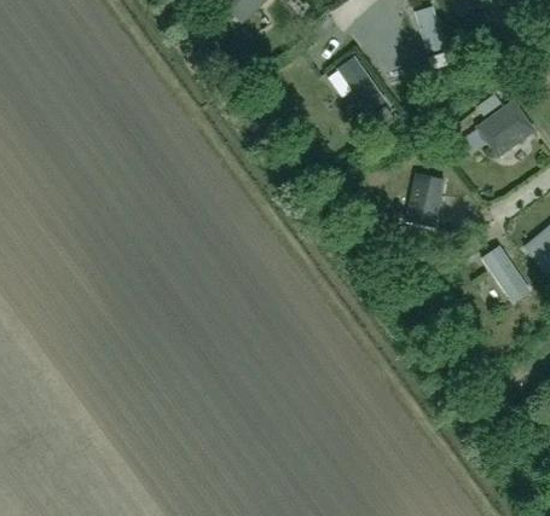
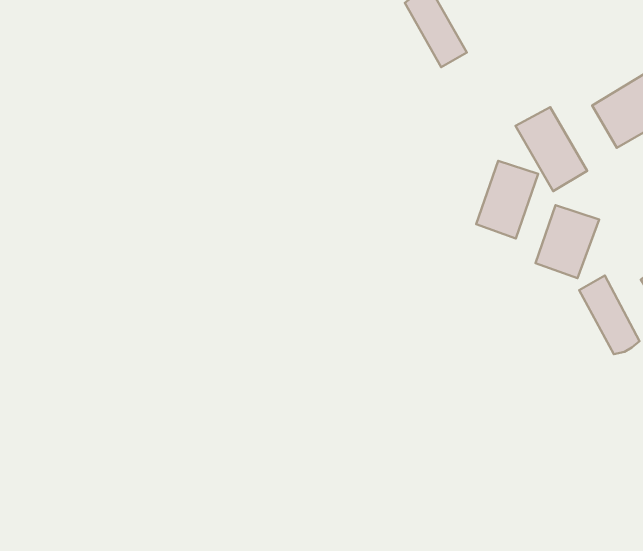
building: none -> [516,107,587,191]
building: none -> [535,205,599,278]

